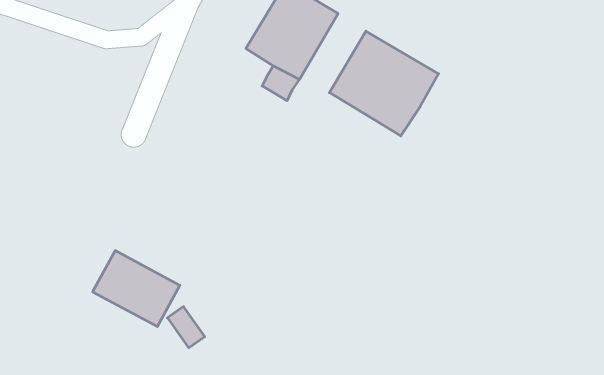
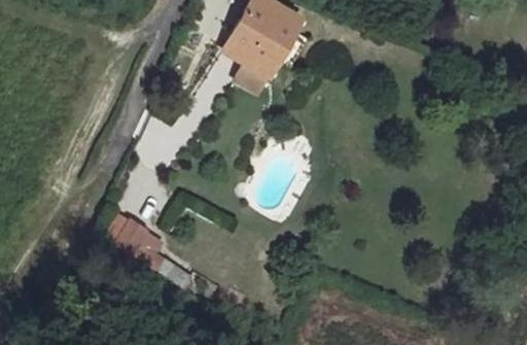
building: [329,31,439,136] -> none

